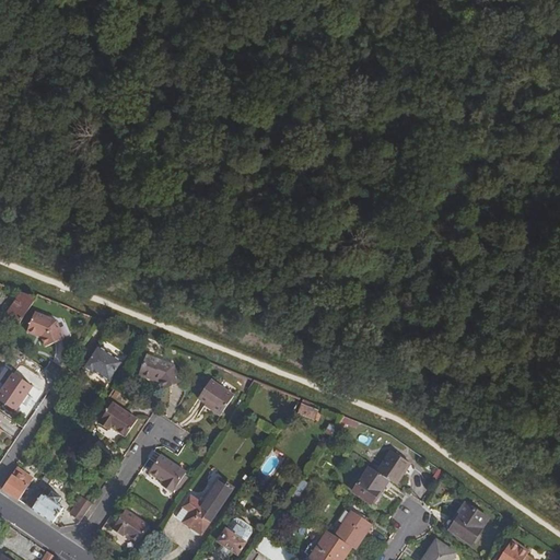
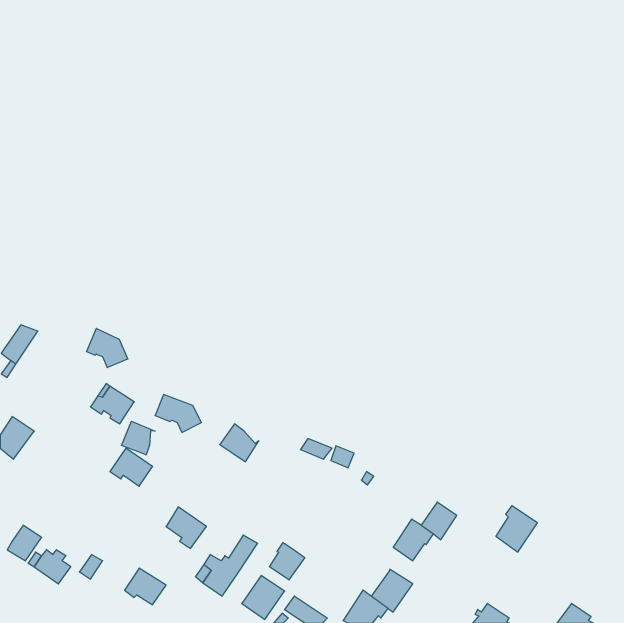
building: [25,311,62,346] -> [86,328,128,368]
building: none -> [121,421,155,455]
building: none -> [269,543,305,580]
building: [451,504,488,546] -> [496,506,537,552]

